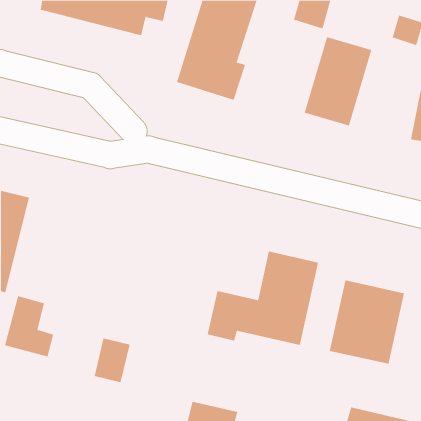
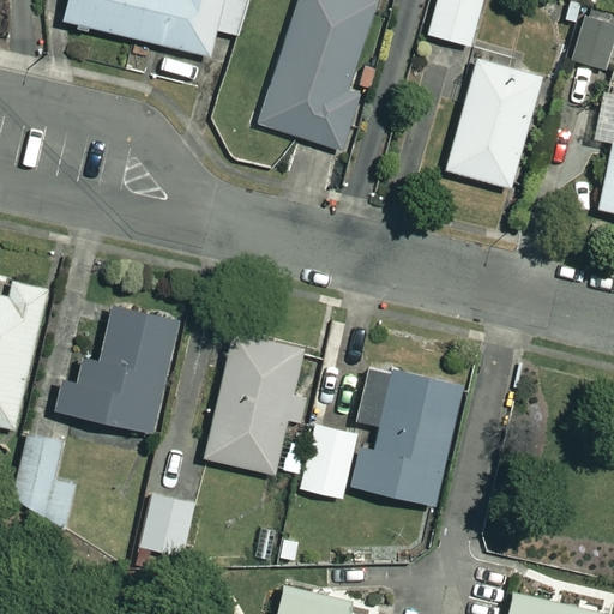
building: none -> [60,301,185,431]
building: none -> [203,332,309,472]
building: [329,280,405,365] -> none

